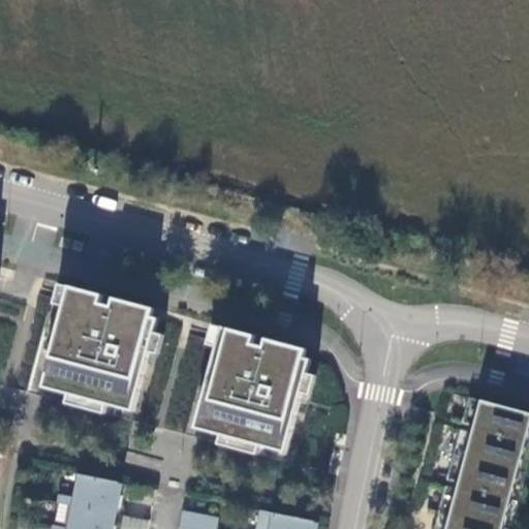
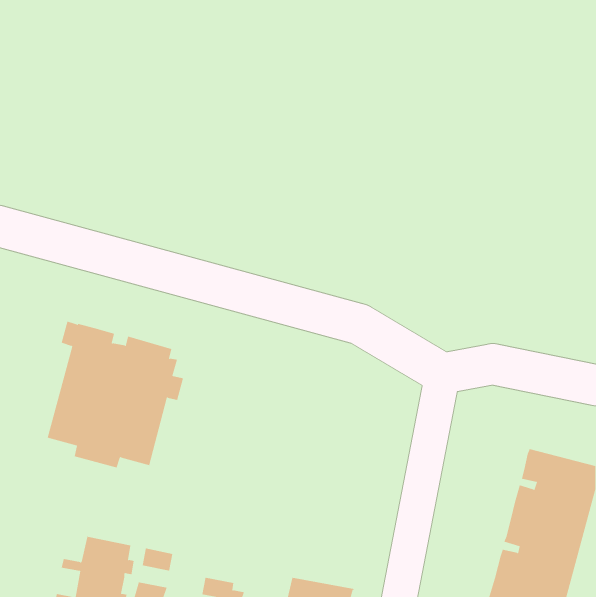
building: [193,325,314,455] -> none

